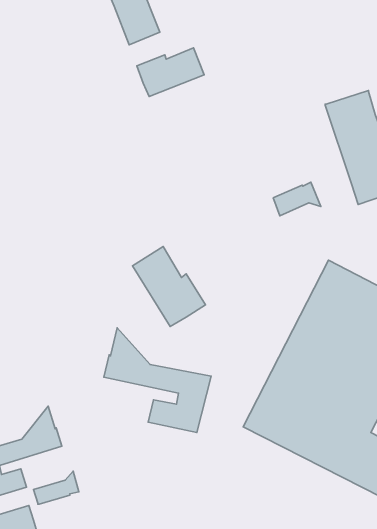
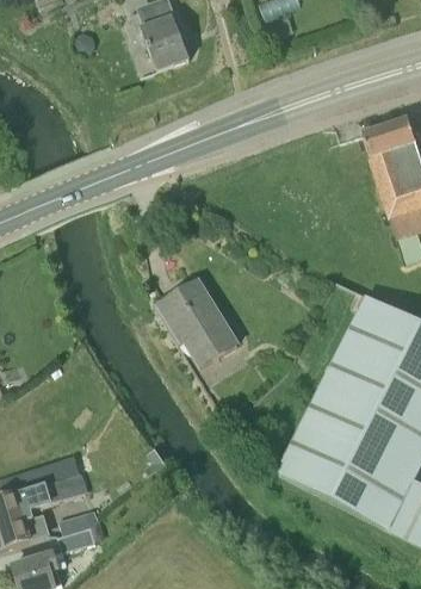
building: [137,48,204,96] -> none
building: [273,182,321,216] -> none
building: [104,328,211,432] -> none

